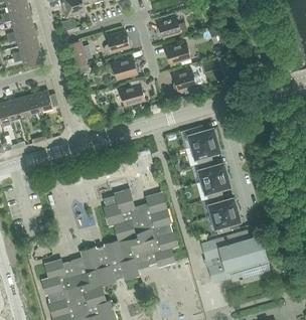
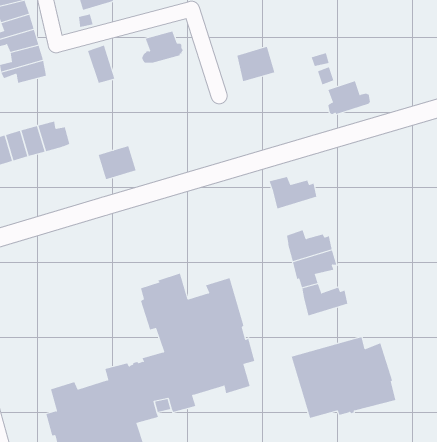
building: [158,16,187,40] -> none
building: [113,57,140,79] -> none
building: [173,68,201,91] -> [327,81,371,115]
building: [120,84,145,106] -> [98,146,137,180]
building: [192,139,221,164] -> none
building: [212,208,242,233] -> none

